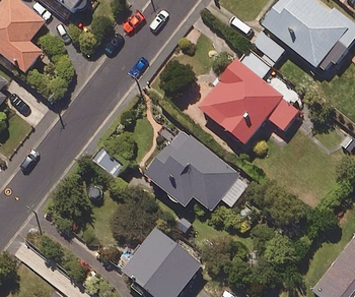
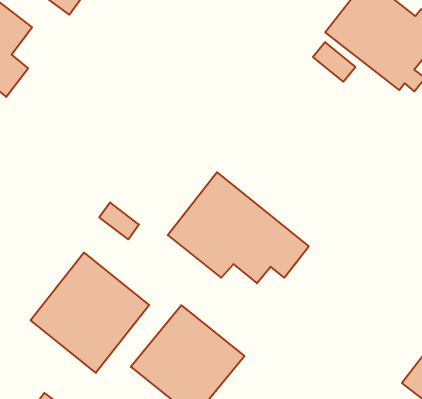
building: [198,47,299,144] -> none
building: none -> [31,253,149,373]

